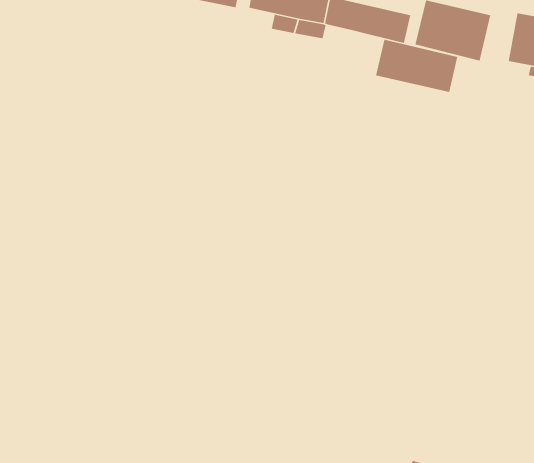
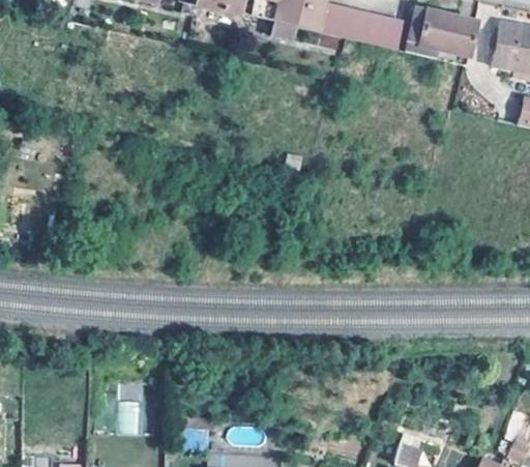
building: [375,39,458,93] -> none
building: none -> [118,380,142,433]

